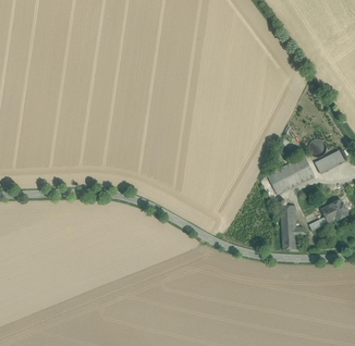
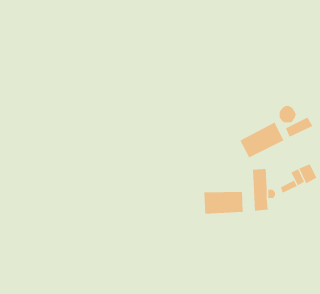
building: none -> [204,191,243,215]

